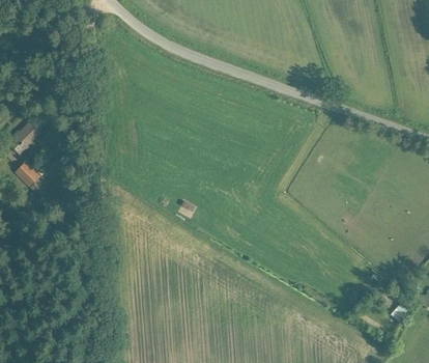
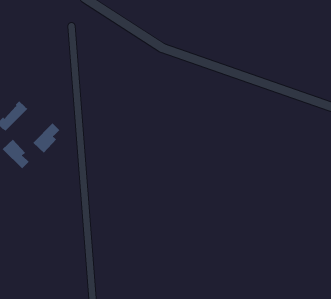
building: none -> [32,122,60,153]

